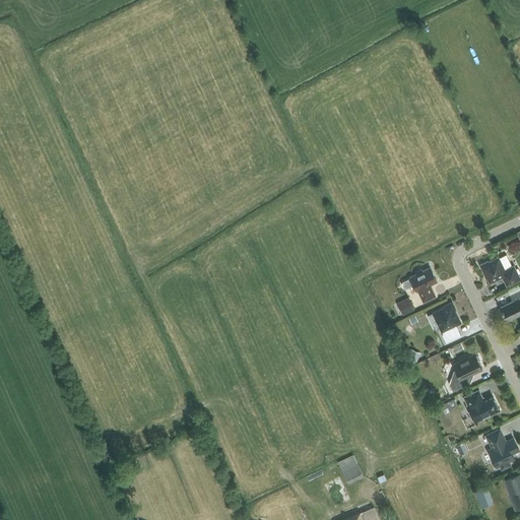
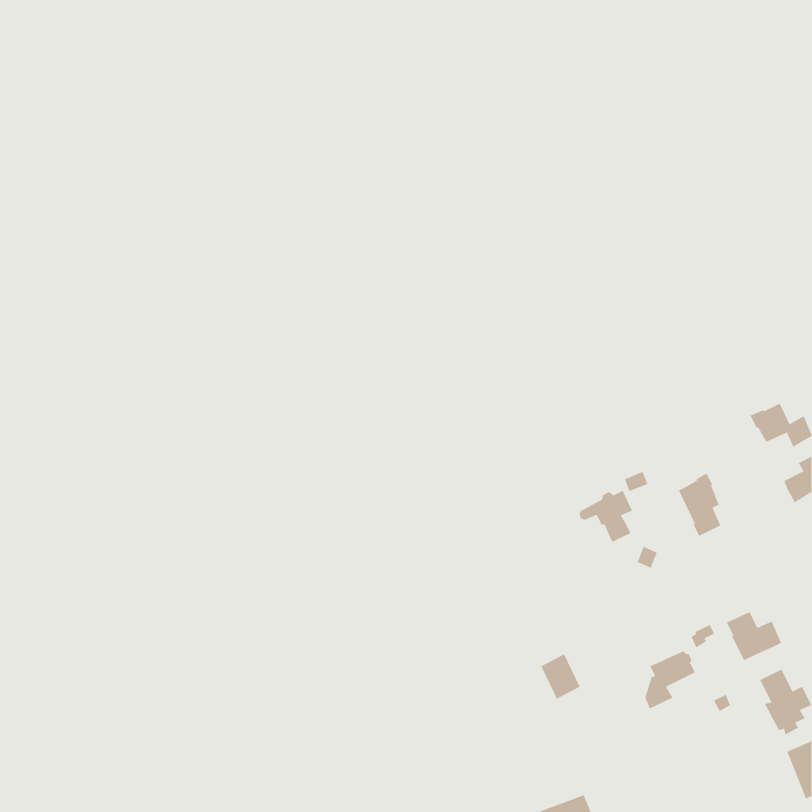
building: [401,269,436,303] -> [579,490,633,543]
building: [449,354,481,392] -> [645,650,696,709]
building: [337,455,363,484] -> [541,653,580,700]

